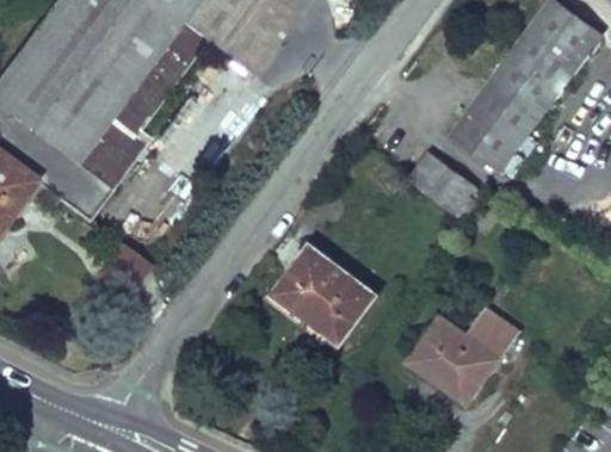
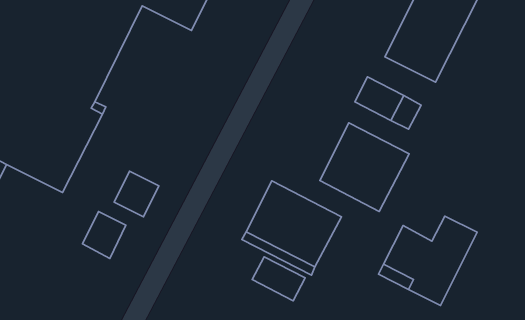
building: none -> [320,123,409,211]
building: none -> [114,171,159,217]
building: none -> [252,257,305,301]

